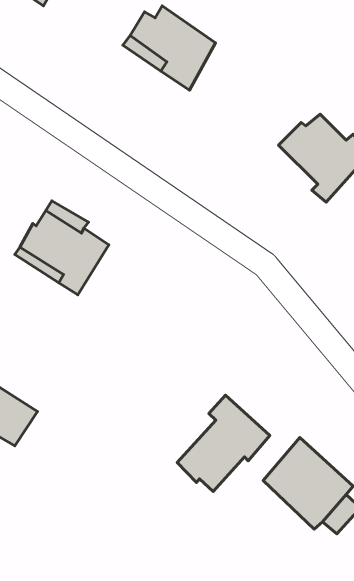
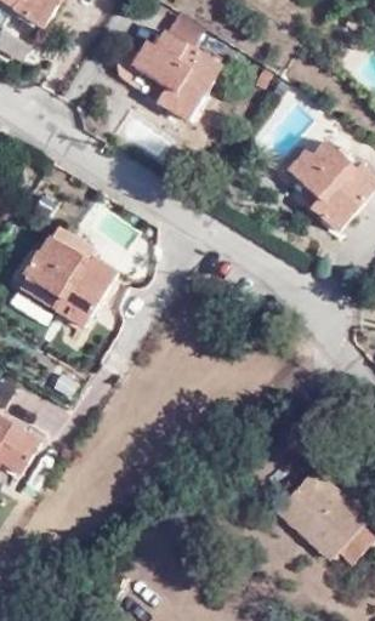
building: [177,395,270,491] -> none

